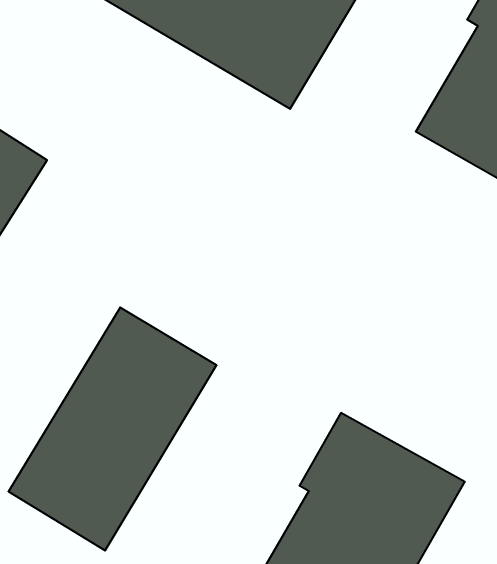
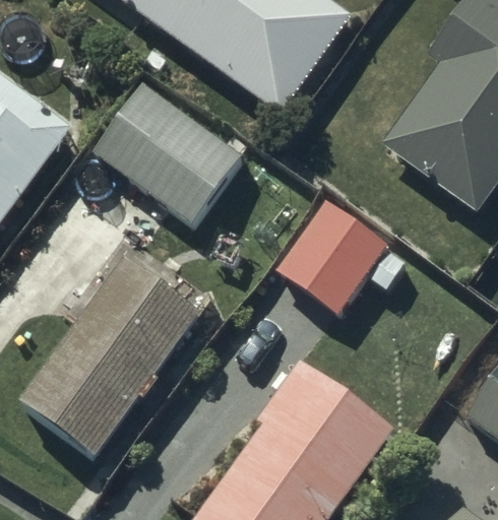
building: none -> [91,81,244,228]
building: none -> [274,203,387,317]

